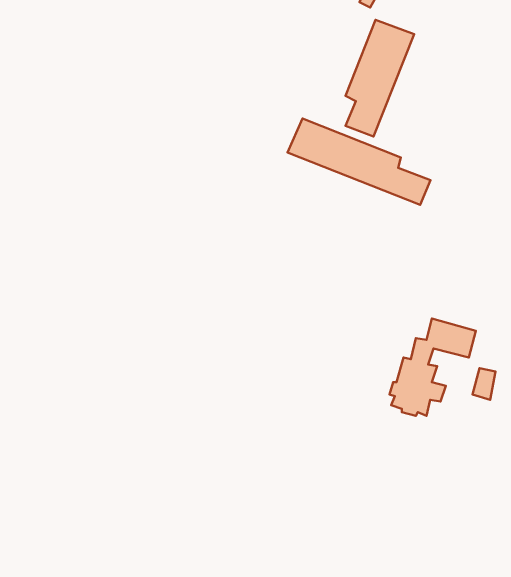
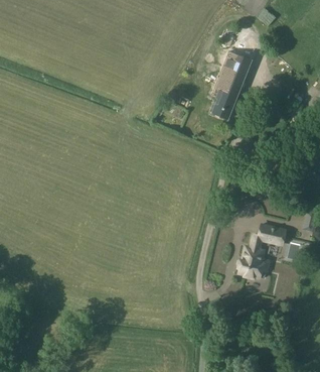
building: [288,119,431,205] -> none

